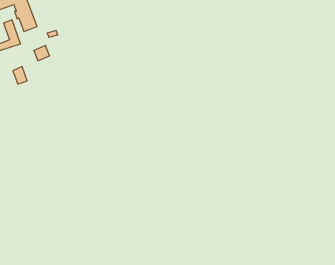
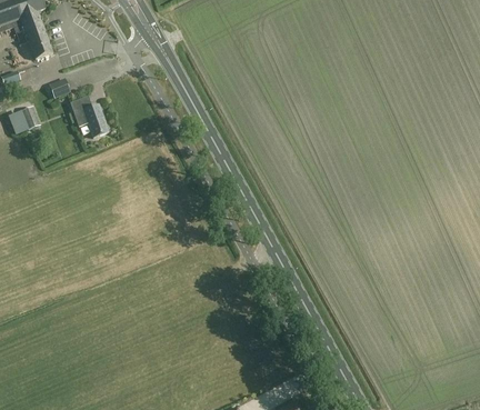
building: none -> [70,96,109,137]

